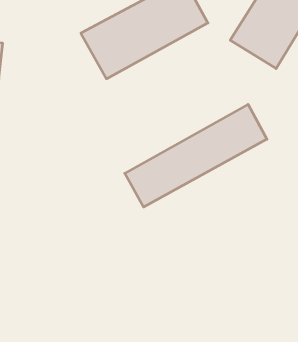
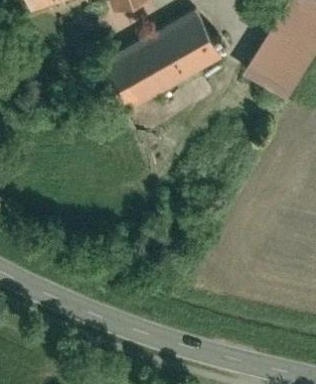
building: [125,104,267,207] -> none

